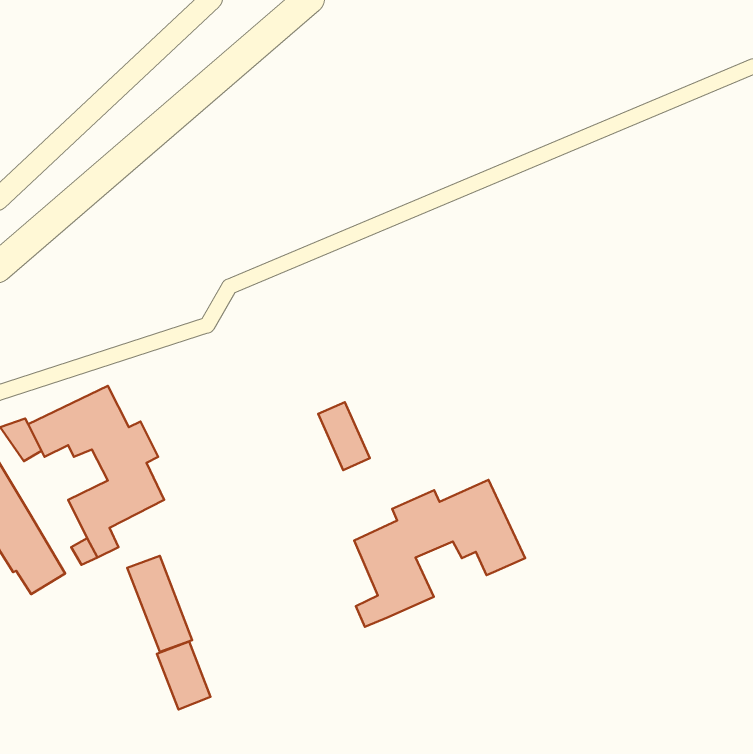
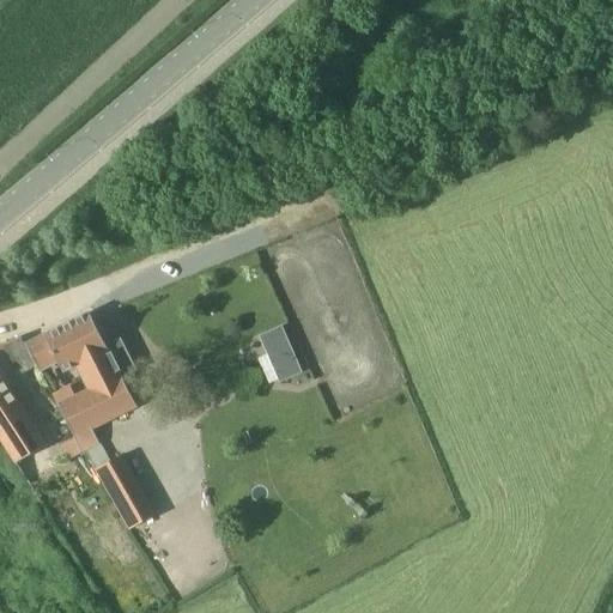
building: [354,480,525,627] -> none
building: [157,641,210,709] -> none

